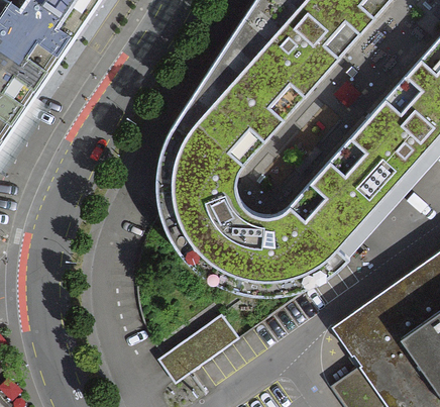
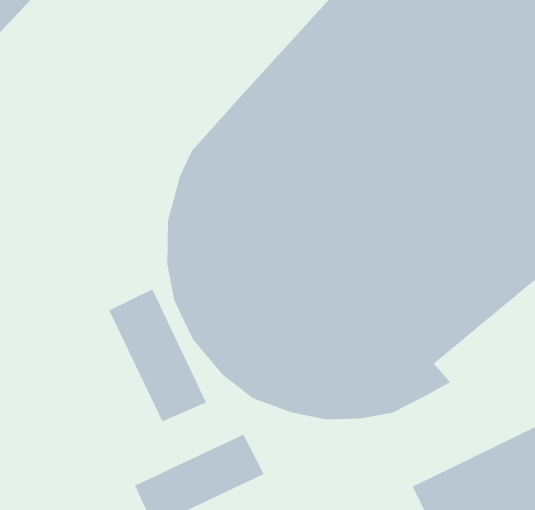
building: none -> [108,289,207,422]

